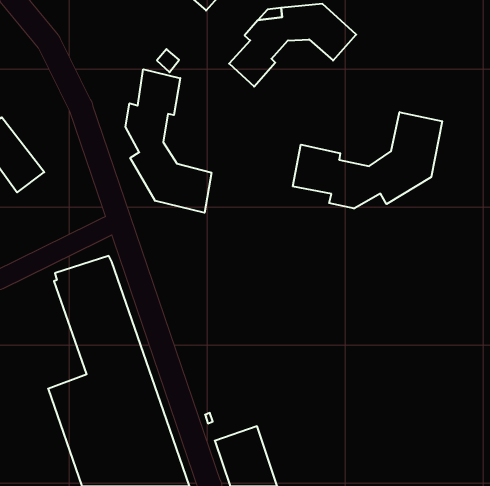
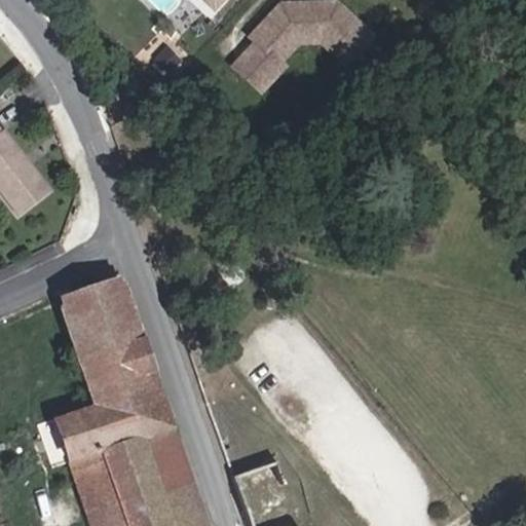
building: [125,69,211,213] -> none
building: [293,112,442,209] -> none

